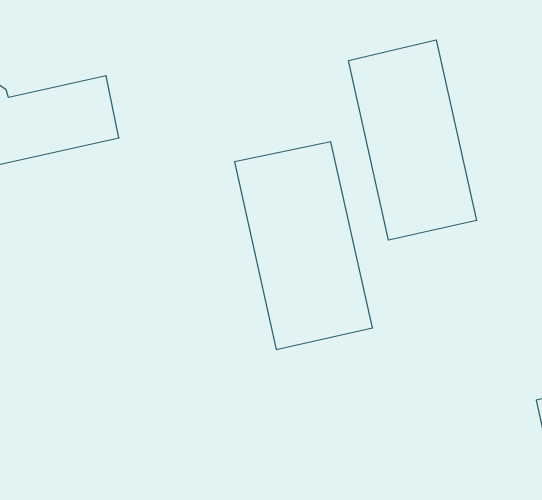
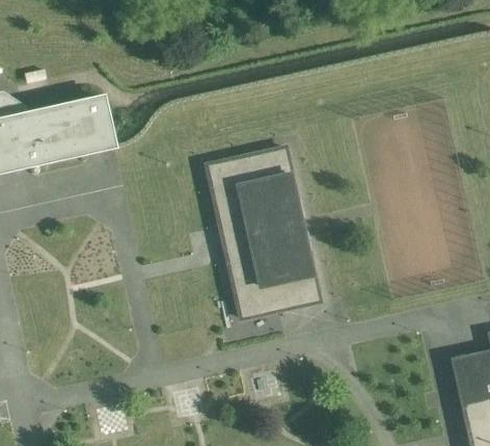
building: [349,40,476,240] -> none

